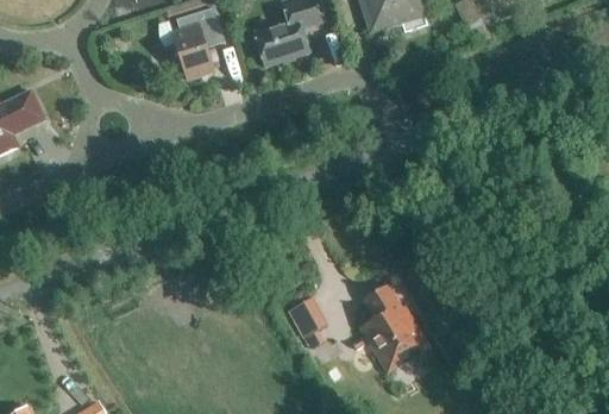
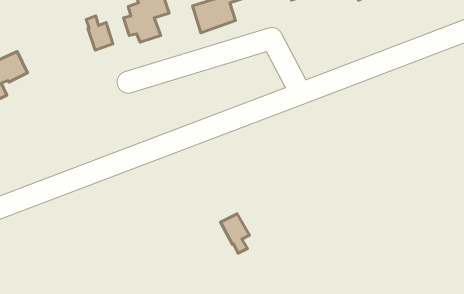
building: none -> [86,16,113,50]
building: [359,284,429,371] -> none

